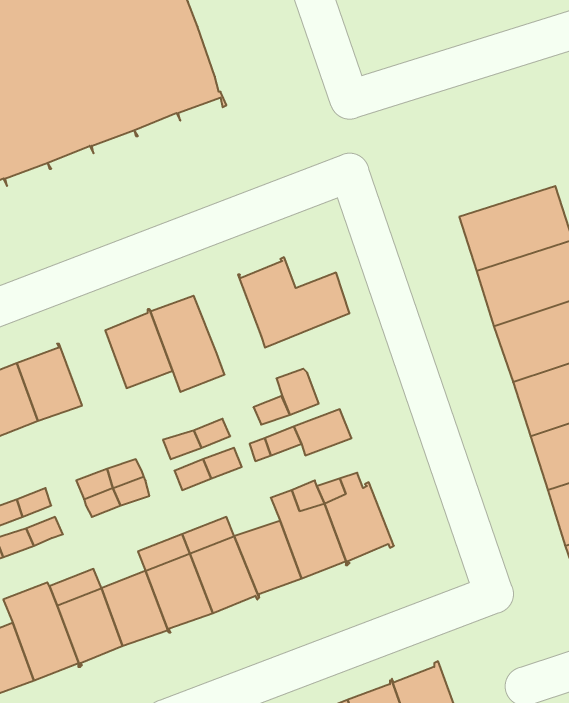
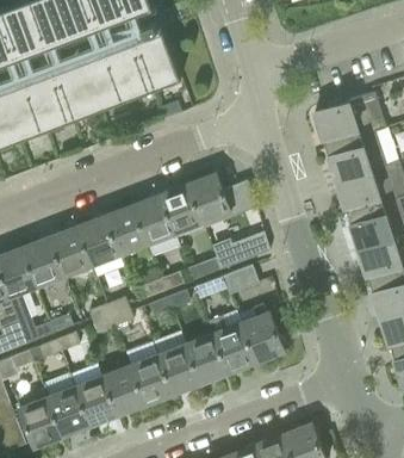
building: none -> [313,92,385,147]
building: none -> [161,182,203,231]
building: none -> [77,217,119,264]
building: none -> [231,231,271,262]

